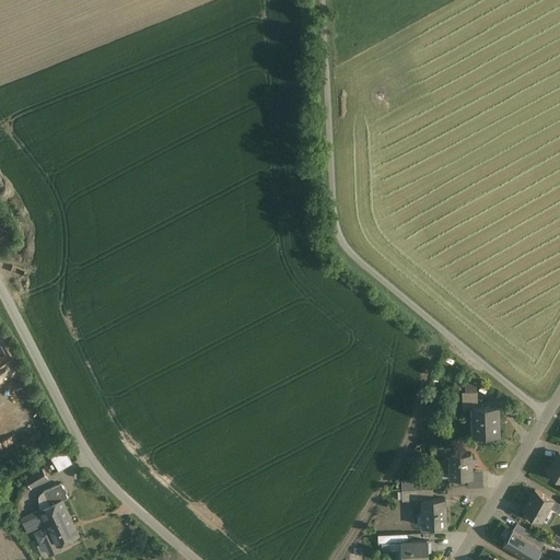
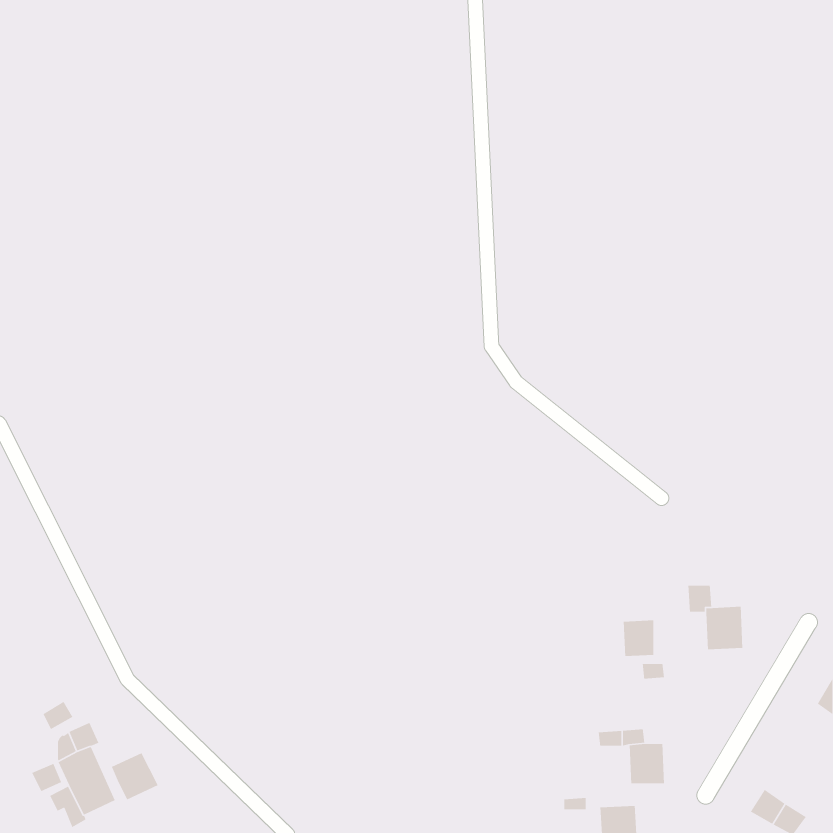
building: [450,453,470,478] -> [623,619,654,657]
building: [522,491,553,522] -> none
building: none -> [111,752,159,801]

